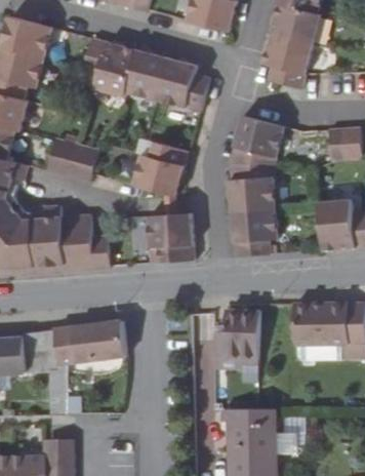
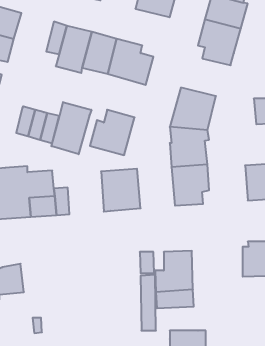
building: none -> [51,102,91,154]
building: [288,301,317,343] -> none
building: [51,319,124,361] -> none

